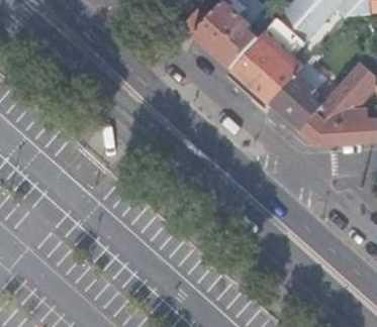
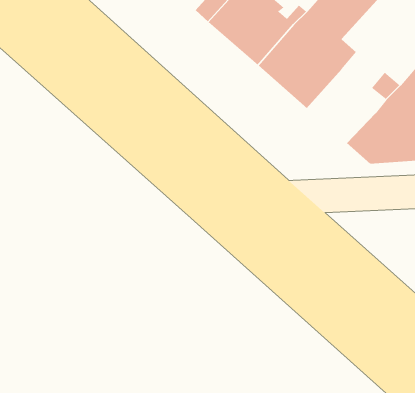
building: [269,74,321,130] -> none

